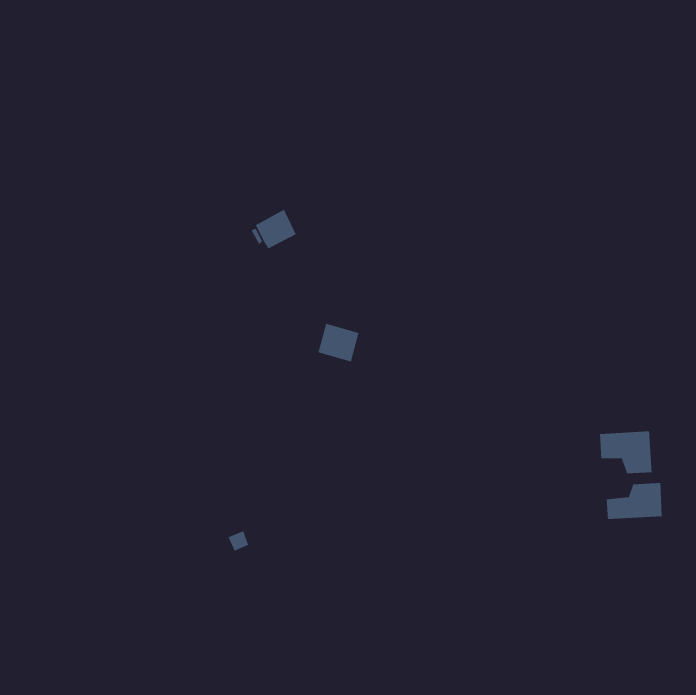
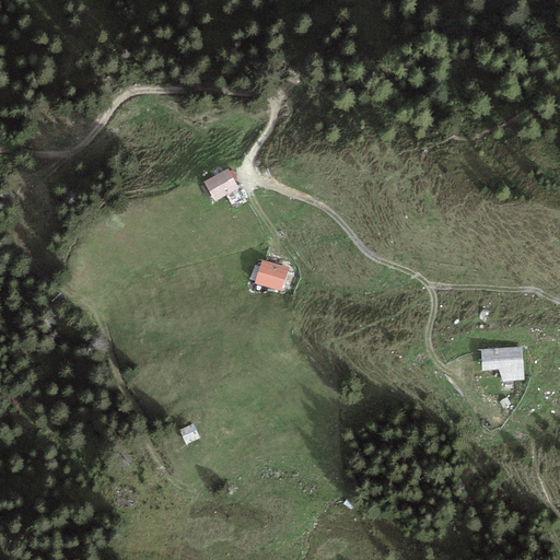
building: [606,482,662,520] -> none

